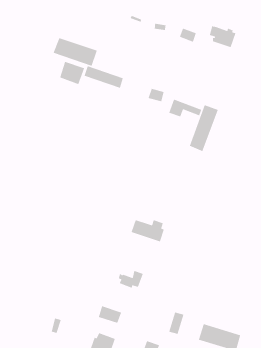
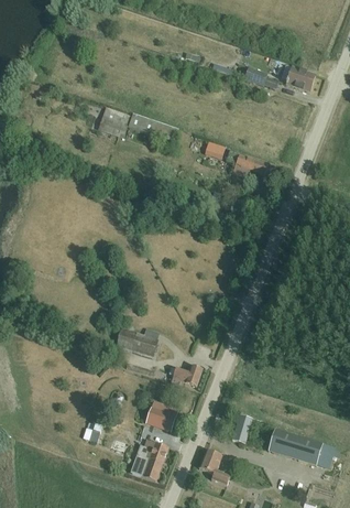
building: [53,37,98,67] -> none
building: [189,104,219,152] -> none
building: [131,219,165,243] -> [117,327,158,356]

